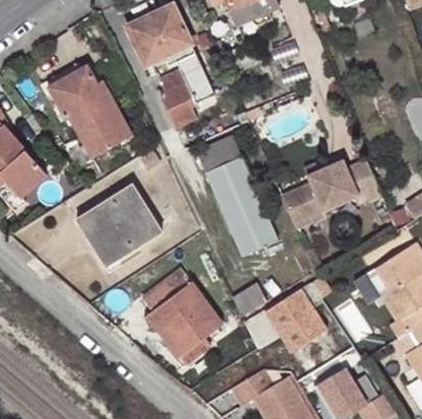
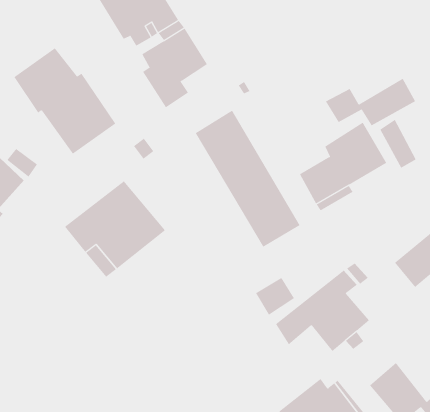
building: none -> [325,78,416,126]
building: [141,266,222,354] -> none

